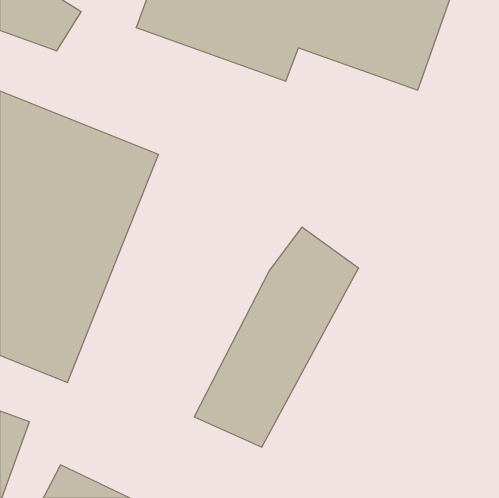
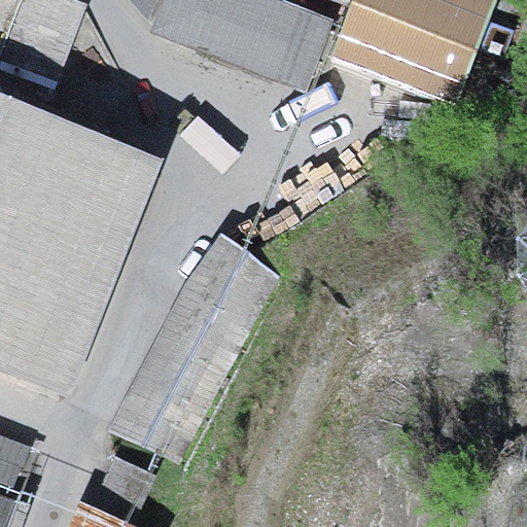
building: [194,227,359,447] -> [106,232,279,463]

